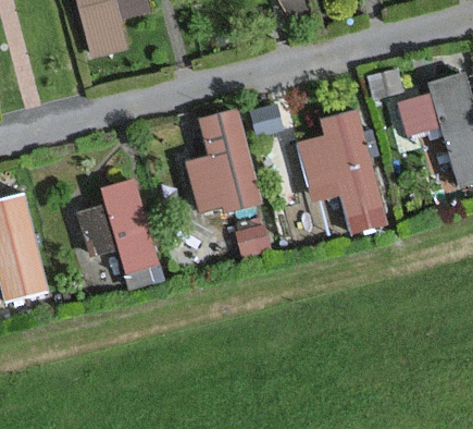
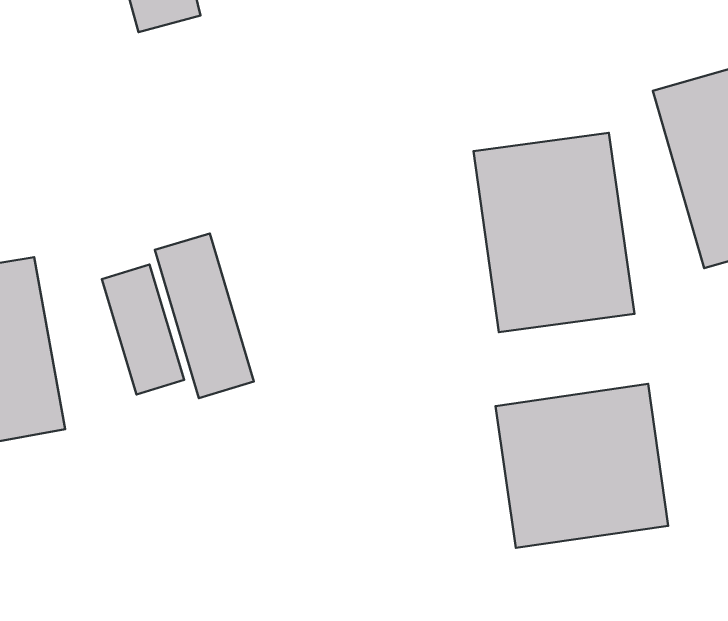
building: [181,106,262,213] -> none
building: none -> [496,384,668,548]

